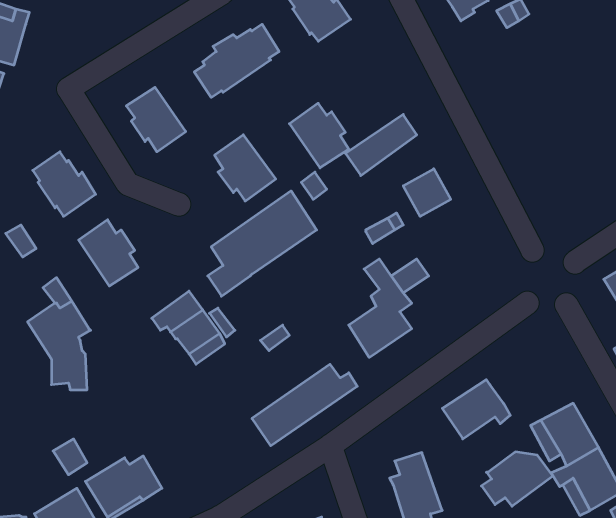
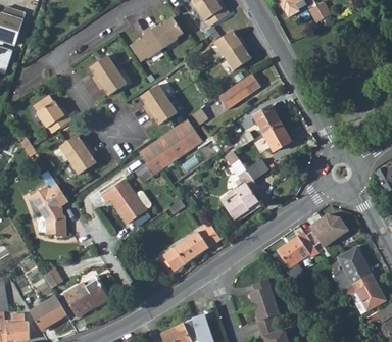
building: [289,103,349,168] -> [211,32,247,70]
building: none -> [264,124,292,151]
building: [481,452,553,506] -> [306,214,349,247]

